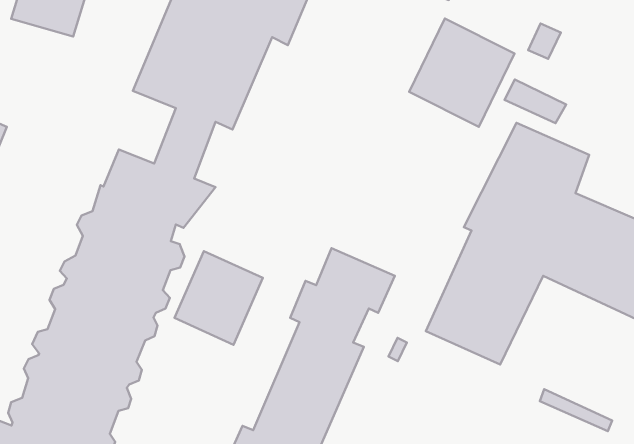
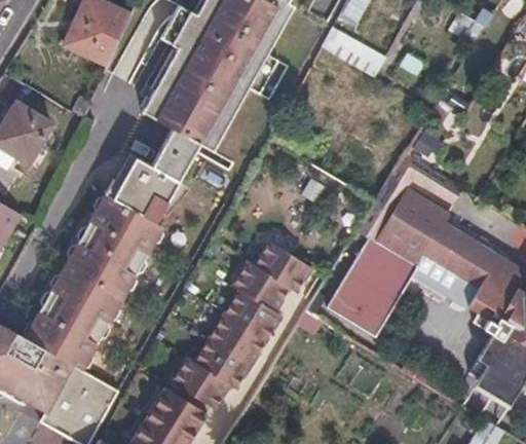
building: [409,18,515,127] -> none
building: [175,251,263,345] -> none

